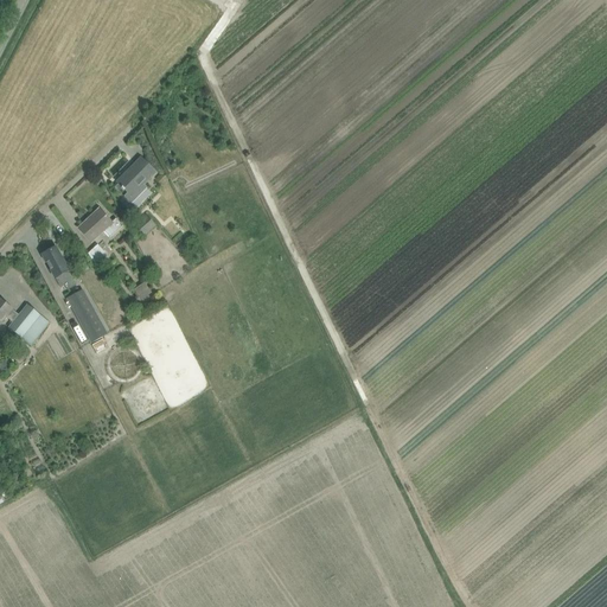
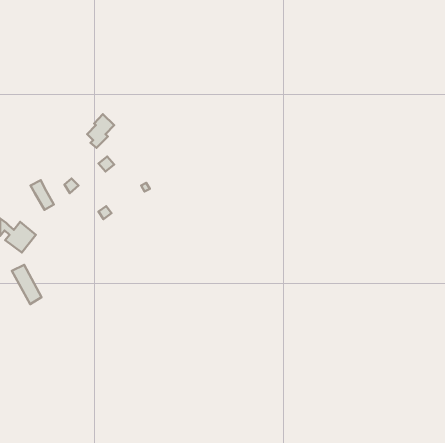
building: [78,207,122,241] -> none
building: [66,288,107,341] -> [12,265,41,304]

